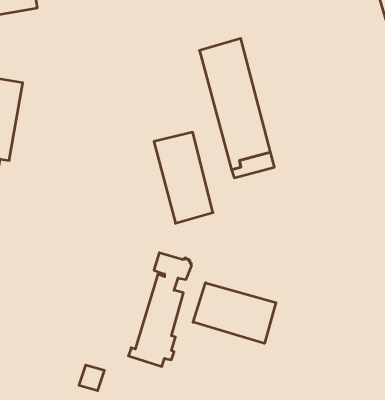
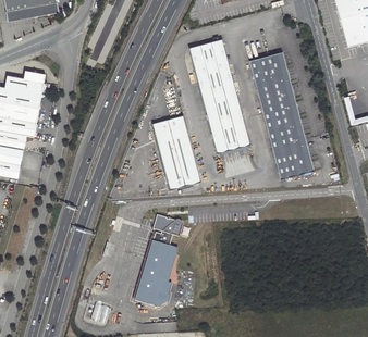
building: none -> [250,51,315,177]
building: [193,283,276,343] -> none

